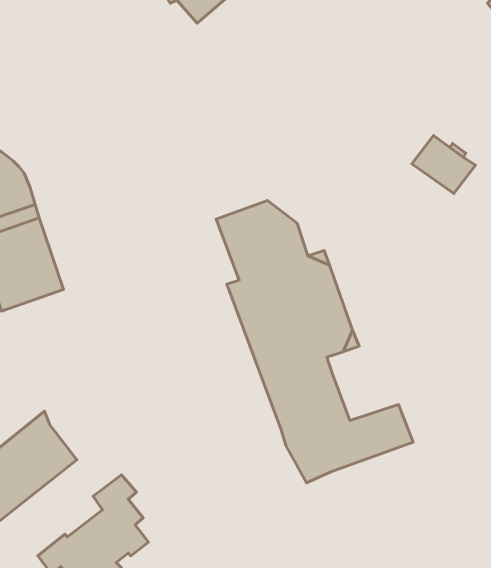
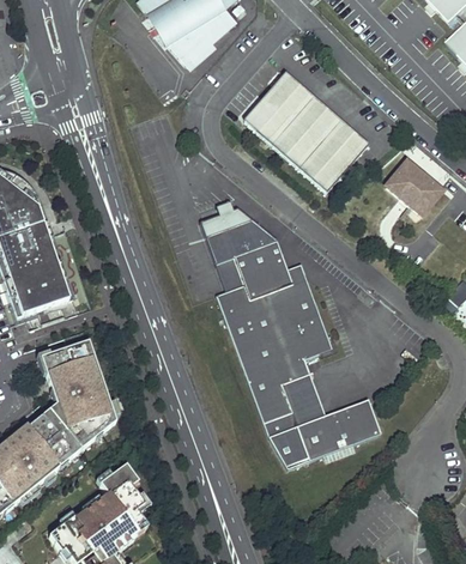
building: none -> [241,77,363,192]
building: none -> [41,336,114,449]

